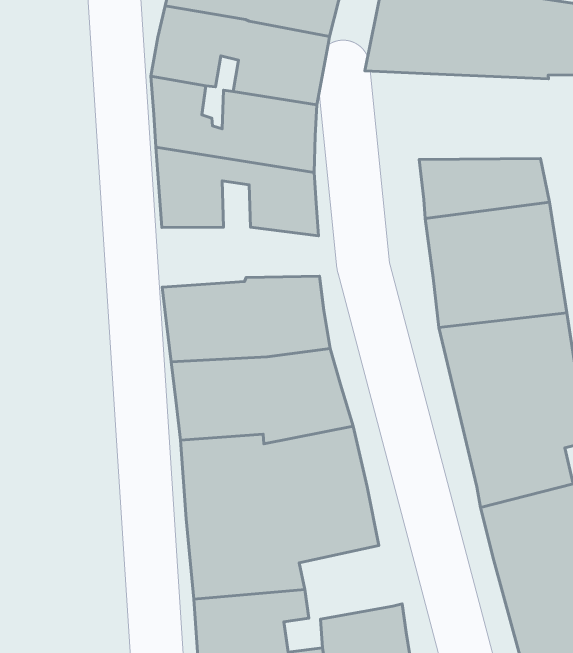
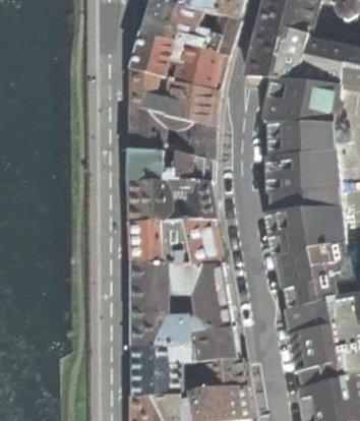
building: none -> [268,78,340,127]
building: none -> [128,149,213,181]
building: none -> [190,325,238,362]

